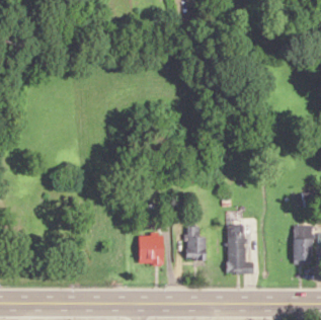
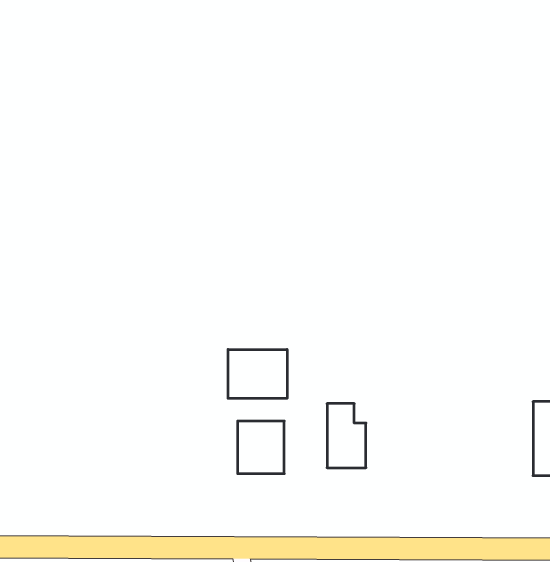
building: none -> [228,349,287,398]
building: [227,225,254,272] -> none

